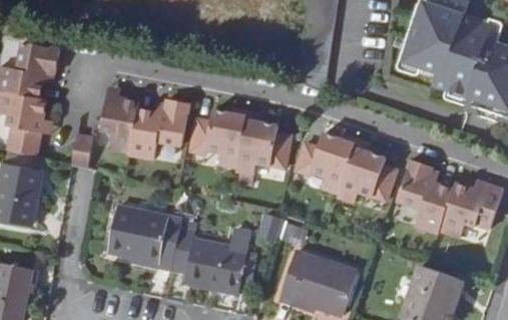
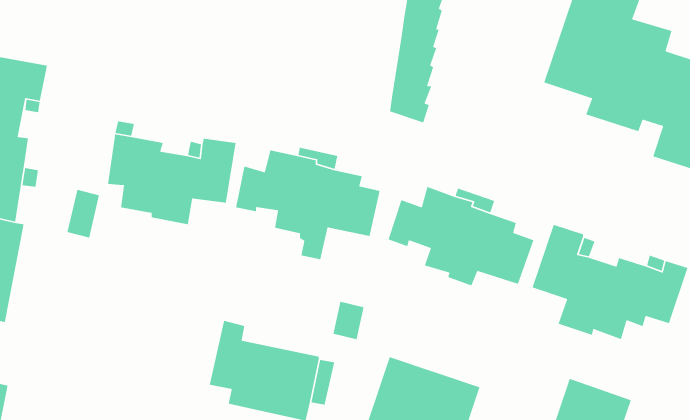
building: [108,206,182,270] -> none

